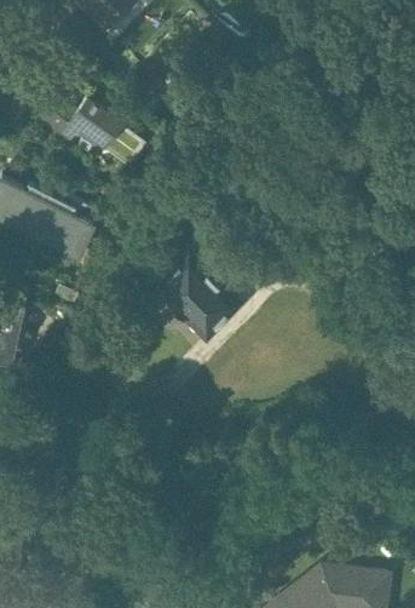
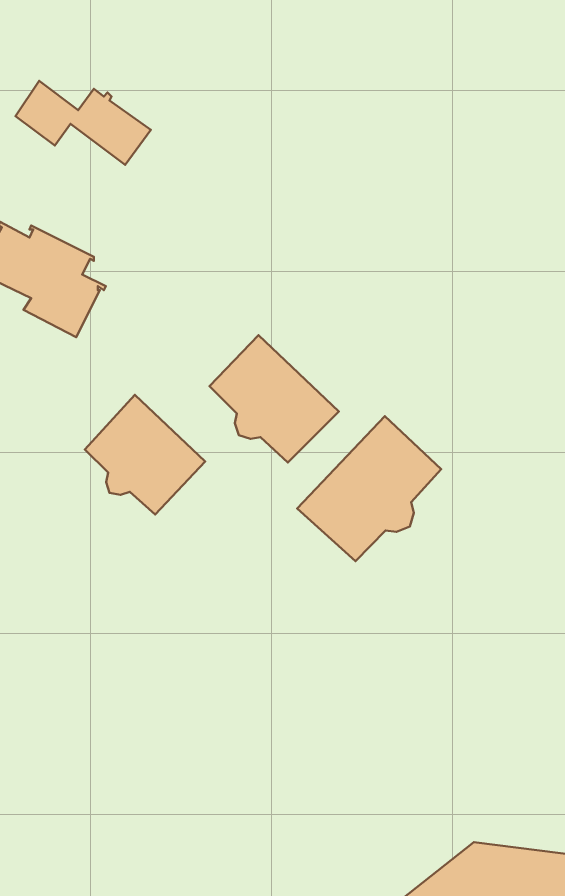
building: none -> [85,395,205,514]
building: none -> [297,416,441,561]

